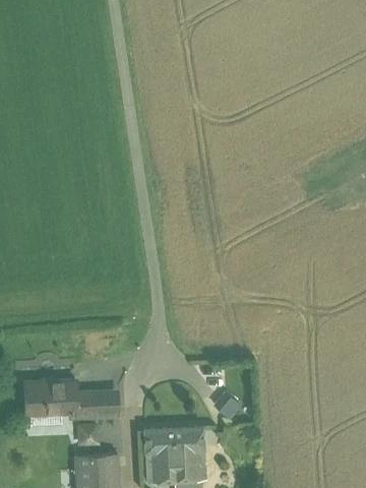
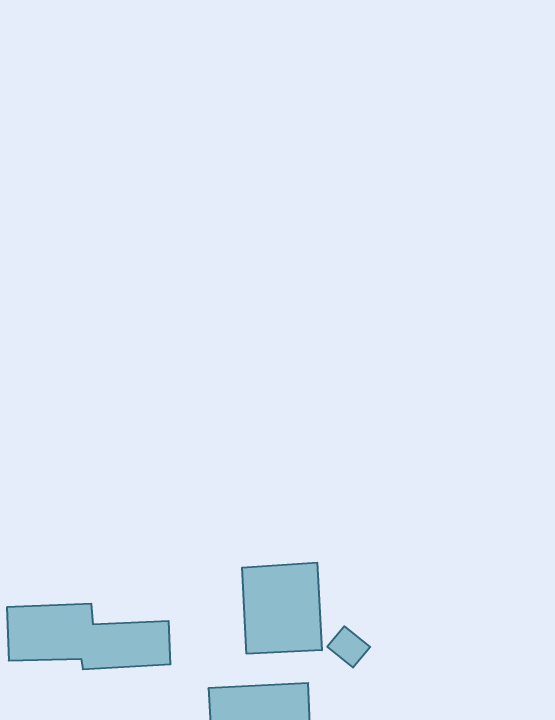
building: none -> [242,563,322,654]

